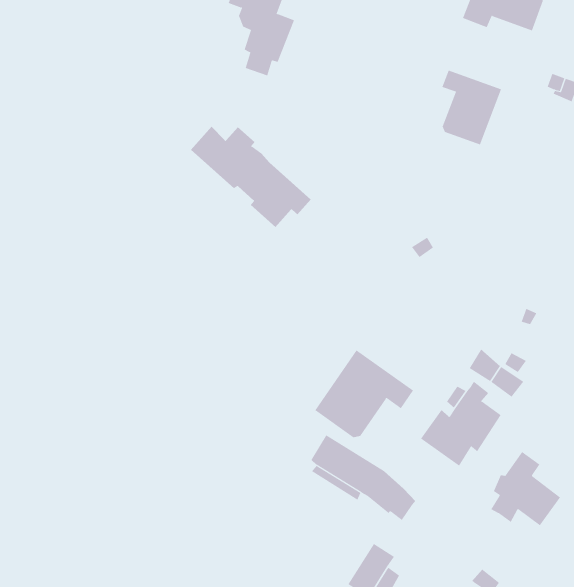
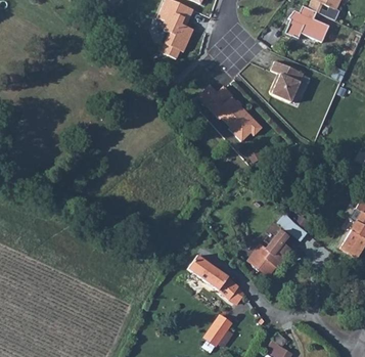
building: [190,126,312,228] -> [197,84,262,141]
building: [315,349,414,438] -> none
building: [490,451,561,526] -> none

